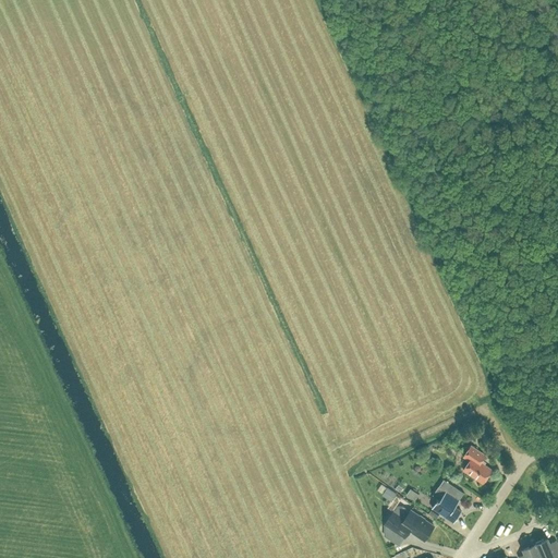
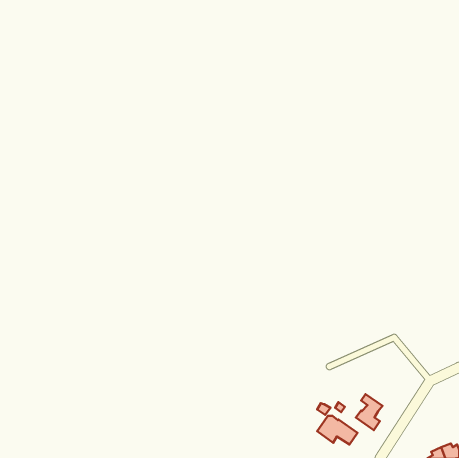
building: [463,446,492,484] -> none

